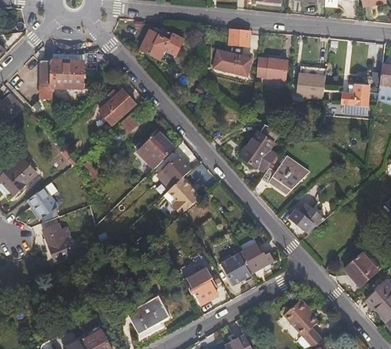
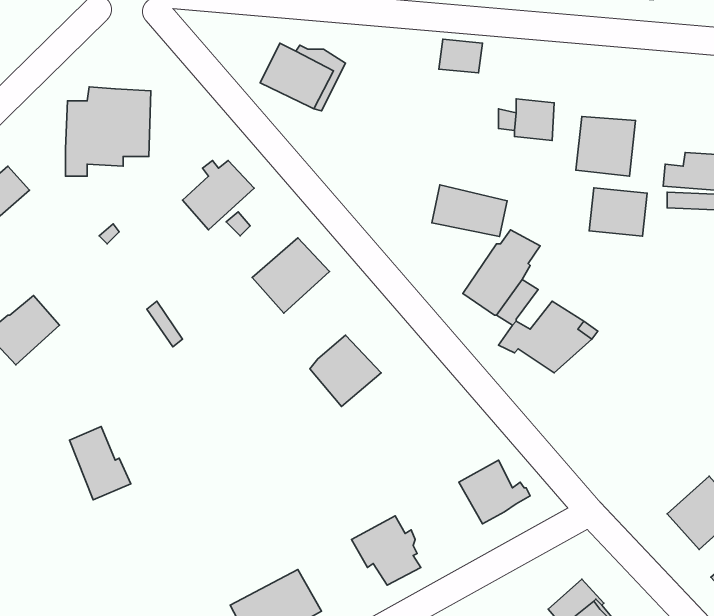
building: [214,51,252,77] -> [432,185,507,237]
building: none -> [589,188,647,236]
building: [155,154,191,189] -> none
building: [27,186,57,215] -> none
building: [289,203,332,235] -> none
building: [219,251,251,285] -> none

